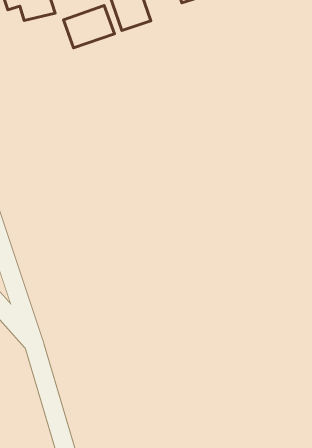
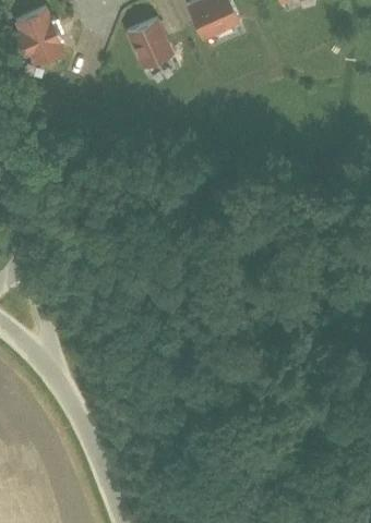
building: [63,6,114,48] -> none

